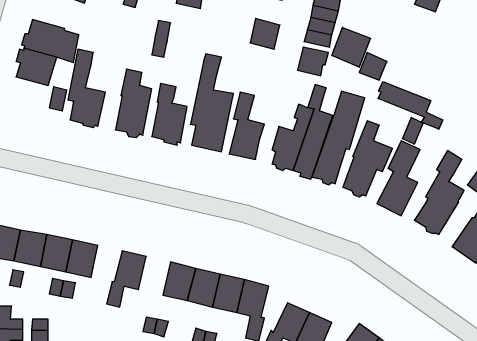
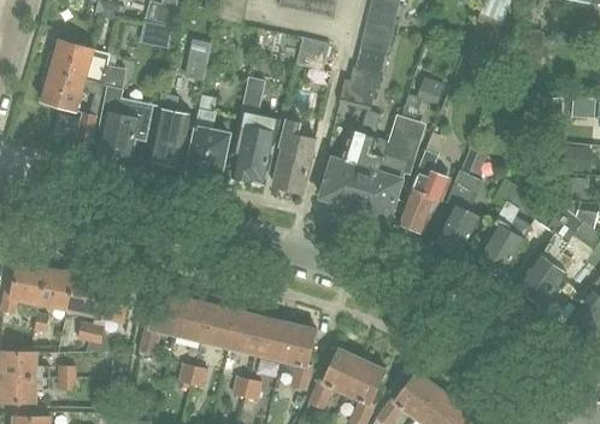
building: [332,27,371,67] -> none
building: [378,82,443,129] -> none
building: none -> [175,299,210,341]

